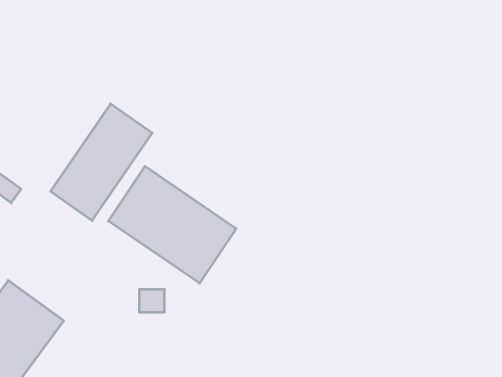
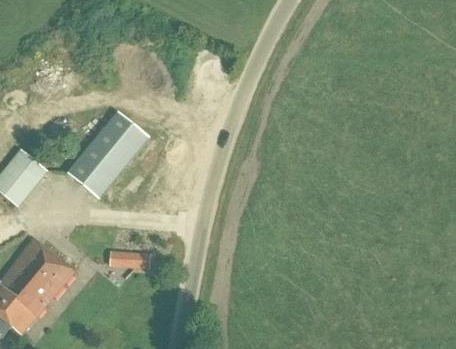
building: [108,166,236,283] -> none

